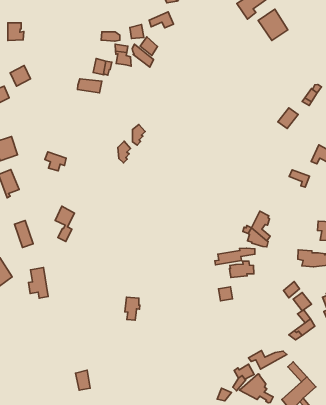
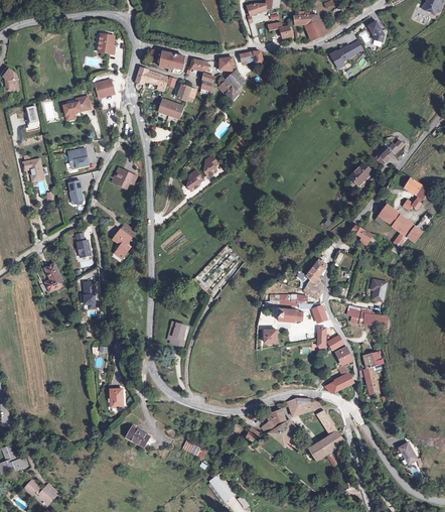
building: [258,9,288,41] -> none
building: none -> [160,51,184,73]
building: none -> [136,68,175,91]

